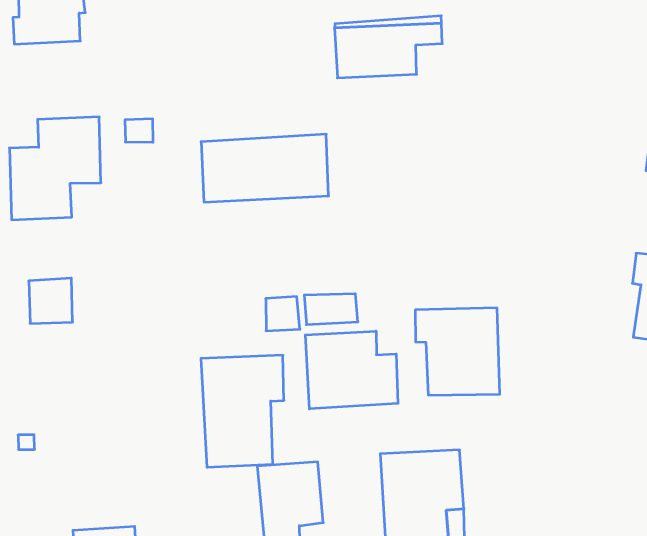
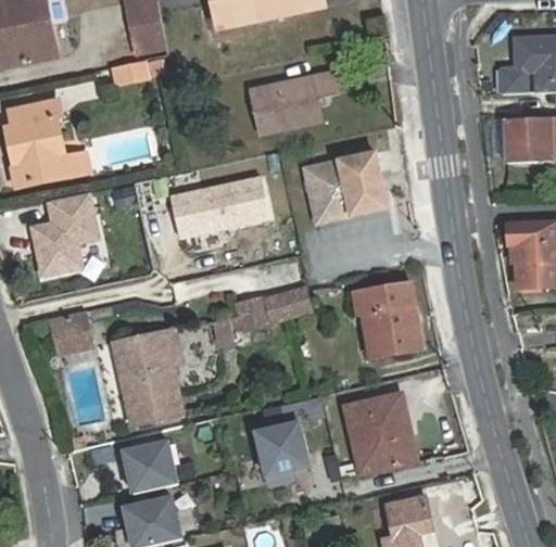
building: none -> [16,137,73,185]
building: none -> [306,155,382,221]
building: [305,331,398,409] -> none
building: [201,355,284,467] -> [112,330,179,423]
building: none -> [121,440,177,496]

